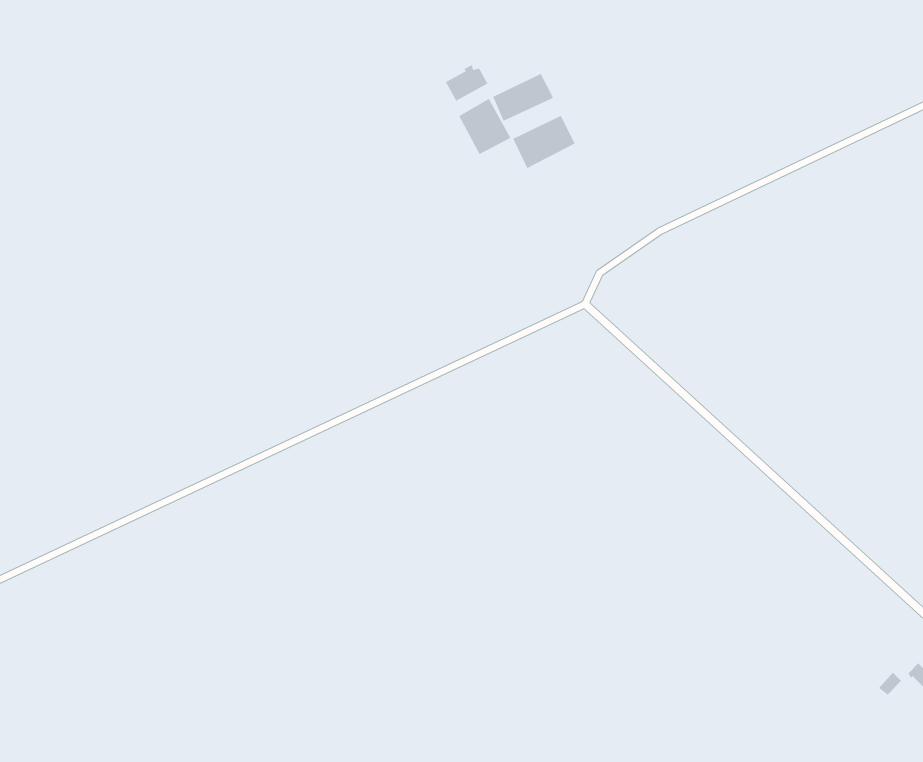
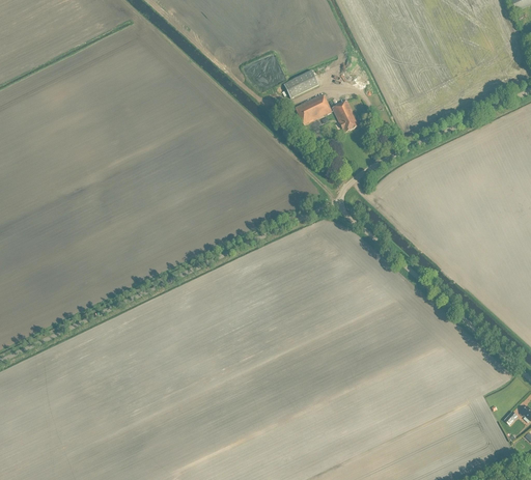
building: [458,98,511,155] -> none
building: none -> [332,98,360,132]

